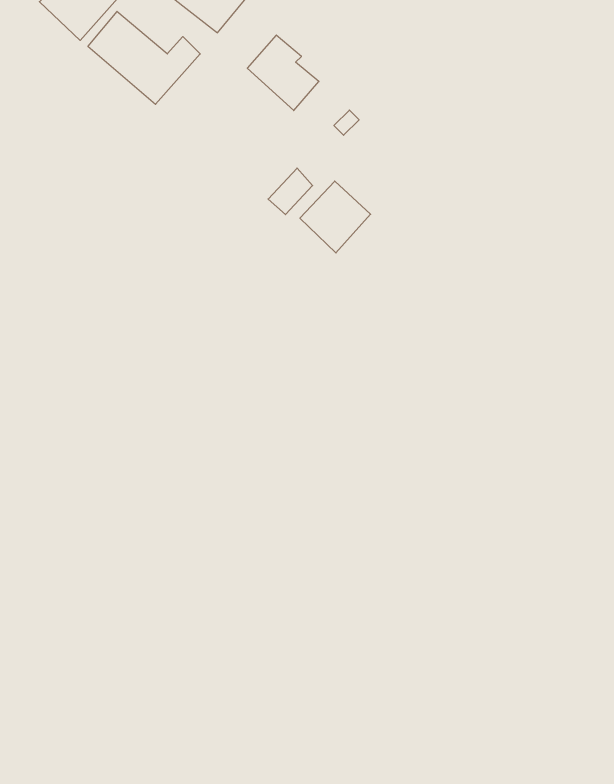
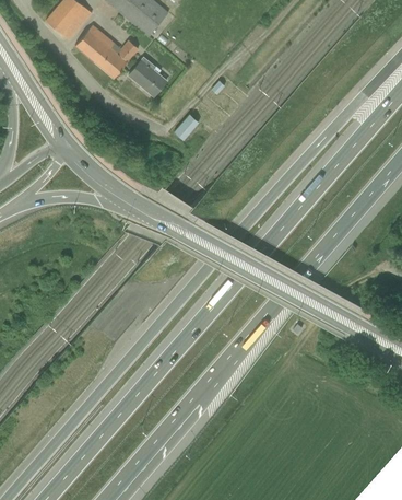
building: [247,35,319,111] -> [129,55,169,97]
building: [300,181,371,253] -> none

